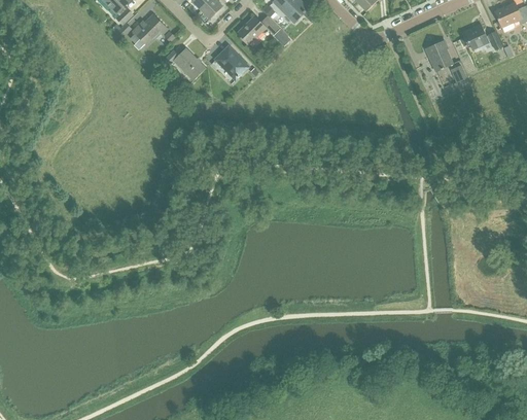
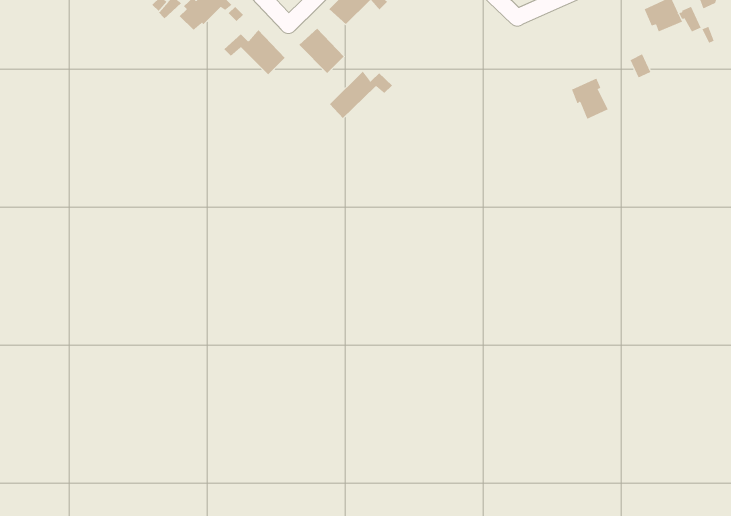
building: [425,40,452,70] -> [571,78,608,120]
building: none -> [329,71,393,119]

